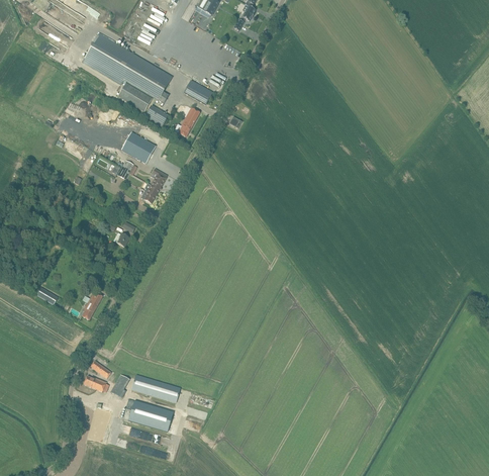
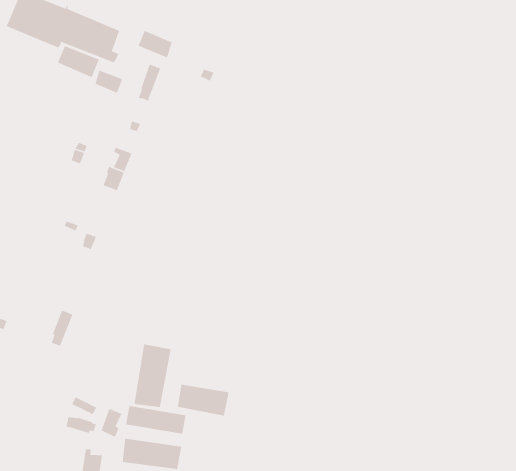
building: [122,131,156,163] -> none
building: none -> [133,343,171,408]
building: none -> [177,384,230,417]

